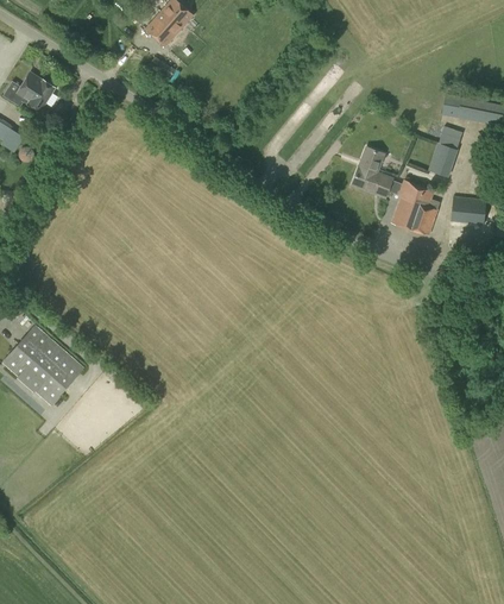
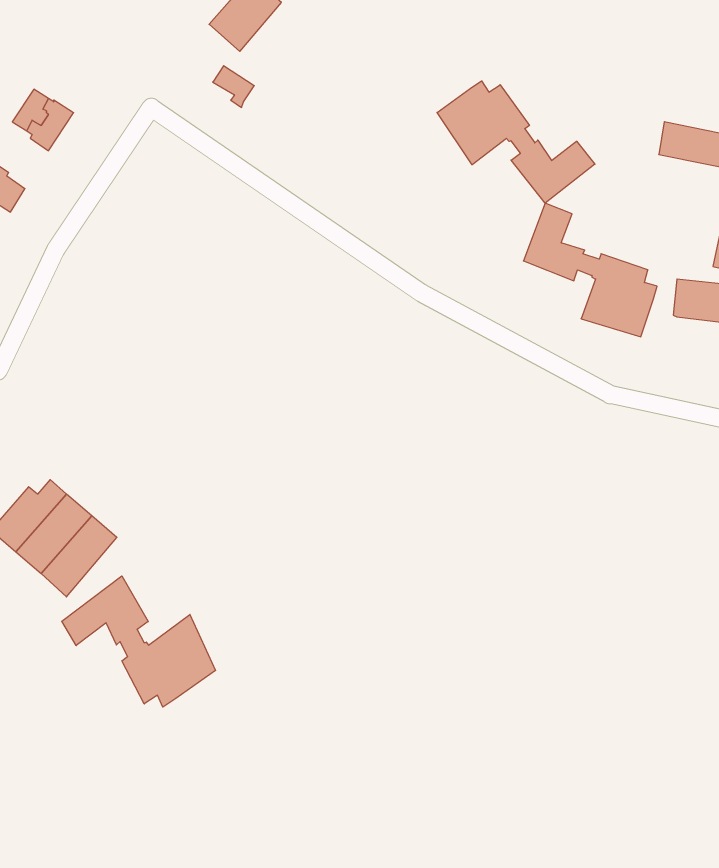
building: none -> [437,81,595,203]
building: [429,125,461,175] -> none
building: none -> [62,576,215,707]

